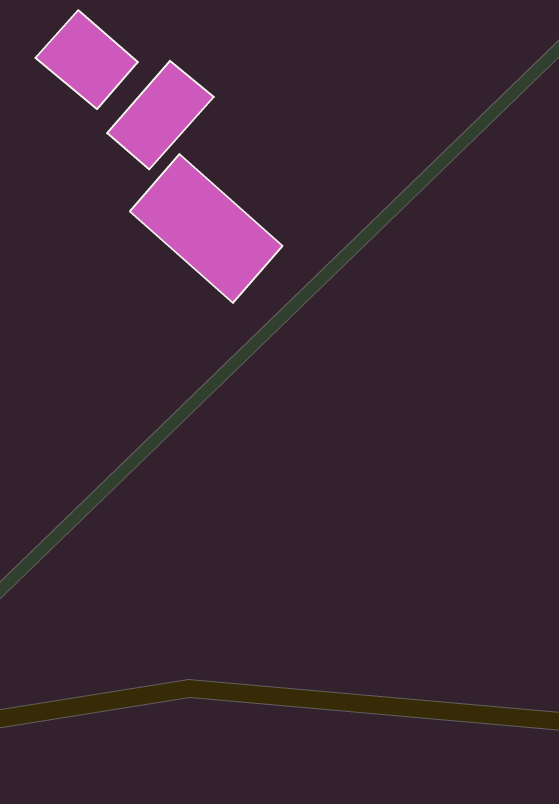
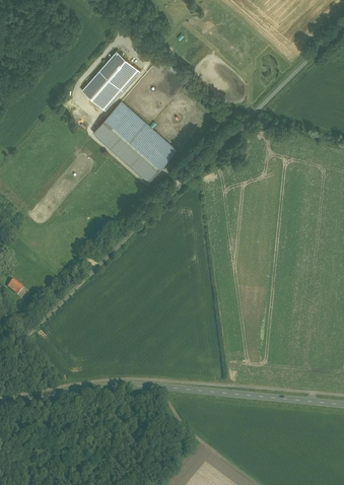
building: [35,10,138,109] -> none

